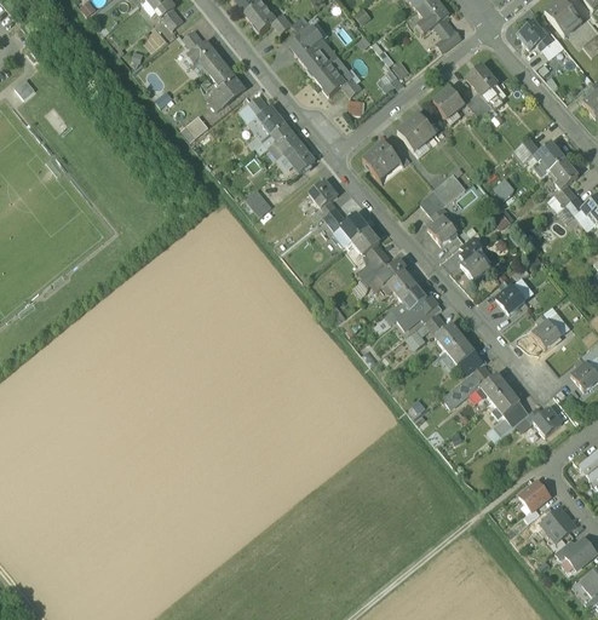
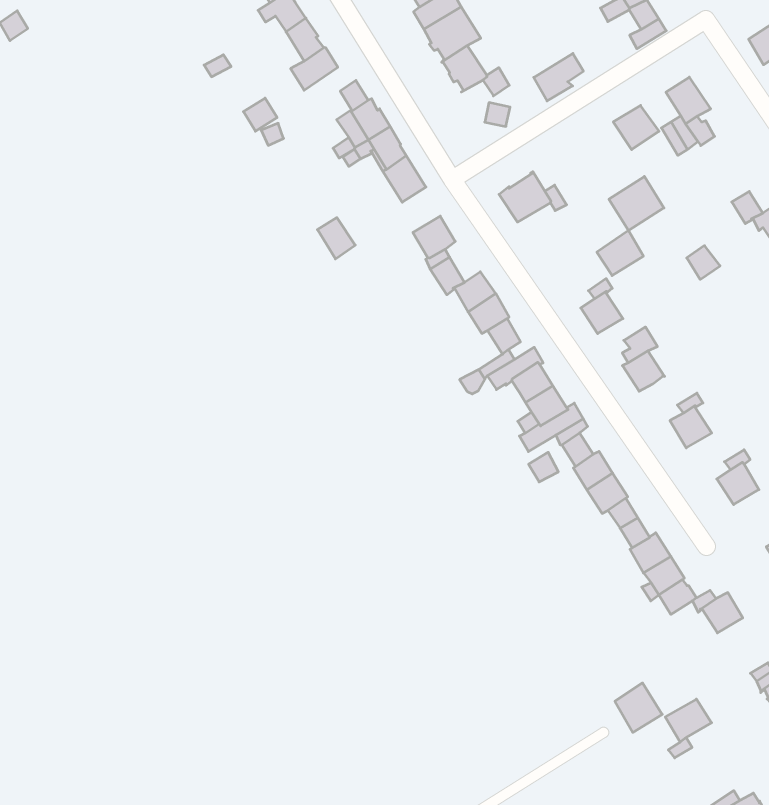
building: [398,114,436,151] -> [609,176,664,231]
building: [541,507,574,541] -> [615,683,662,732]

